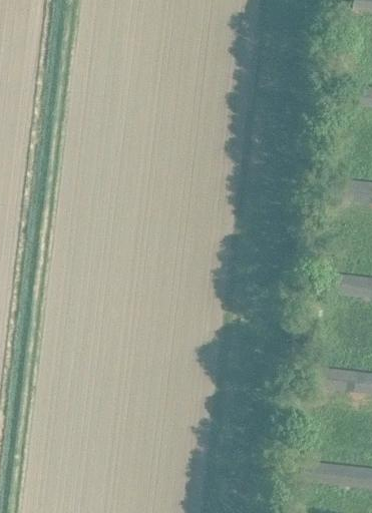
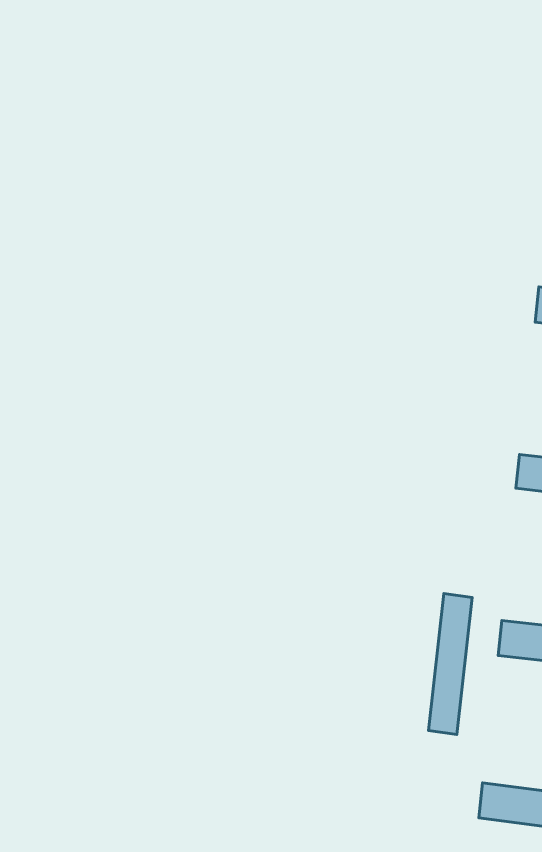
building: none -> [429,594,472,735]

